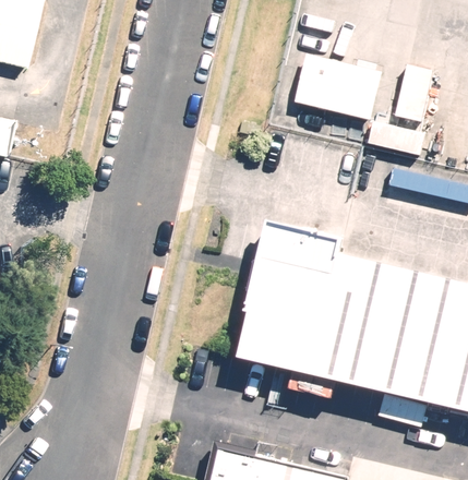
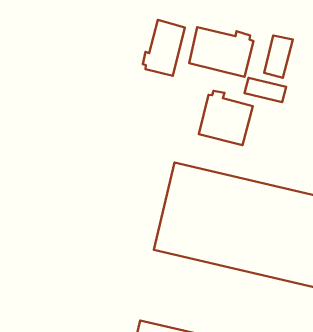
building: none -> [143,20,185,76]
building: none -> [199,91,253,145]

